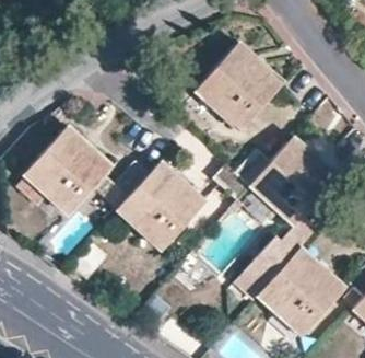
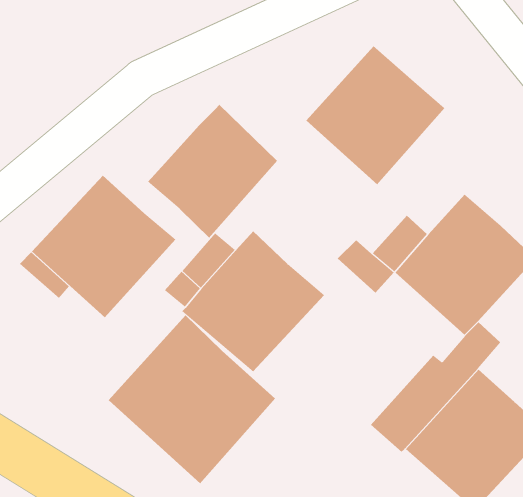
building: none -> [147,104,278,239]
building: none -> [108,314,276,484]

